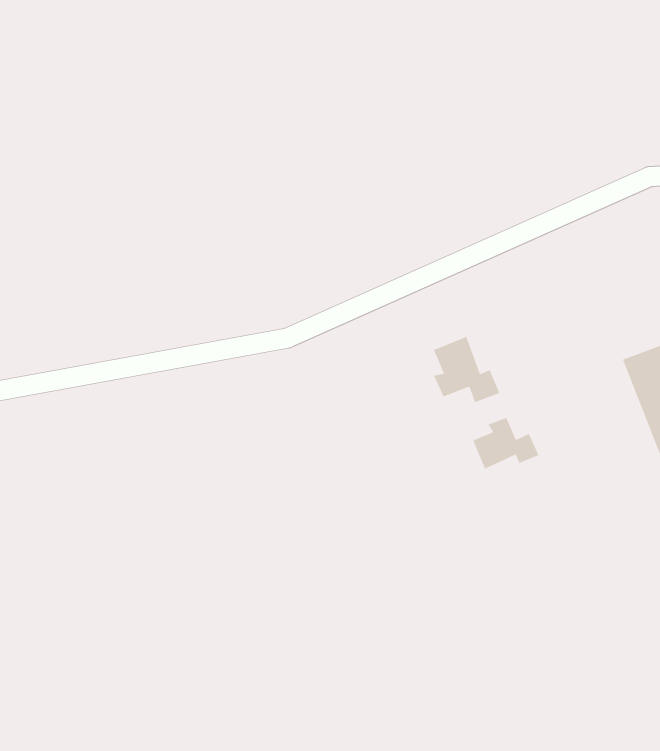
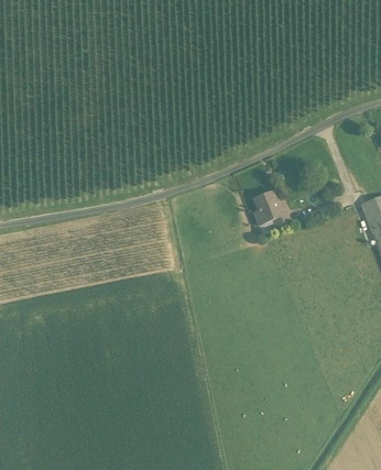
building: [472,417,539,470] -> none

